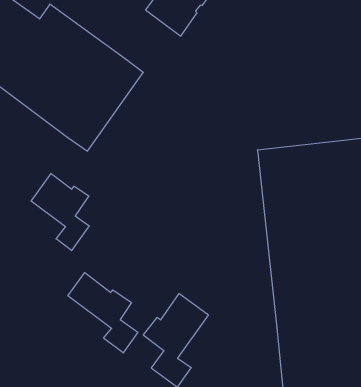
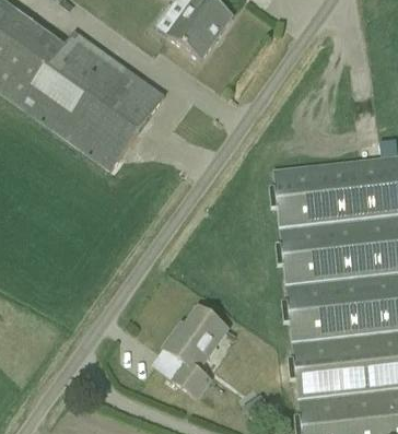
building: [31,173,89,251] -> none
building: [68,273,138,353] -> none

